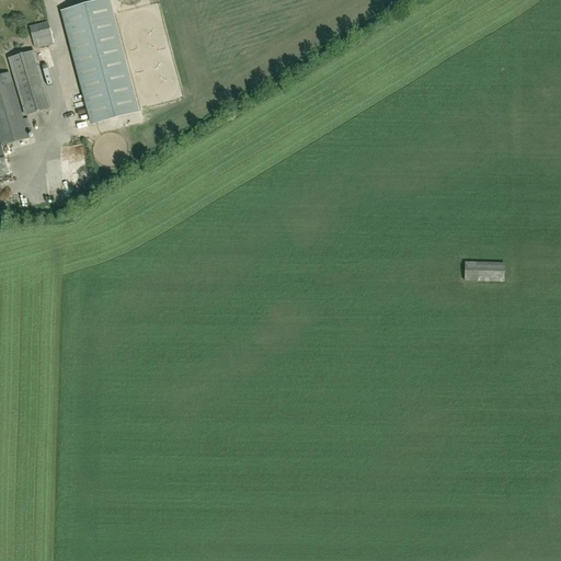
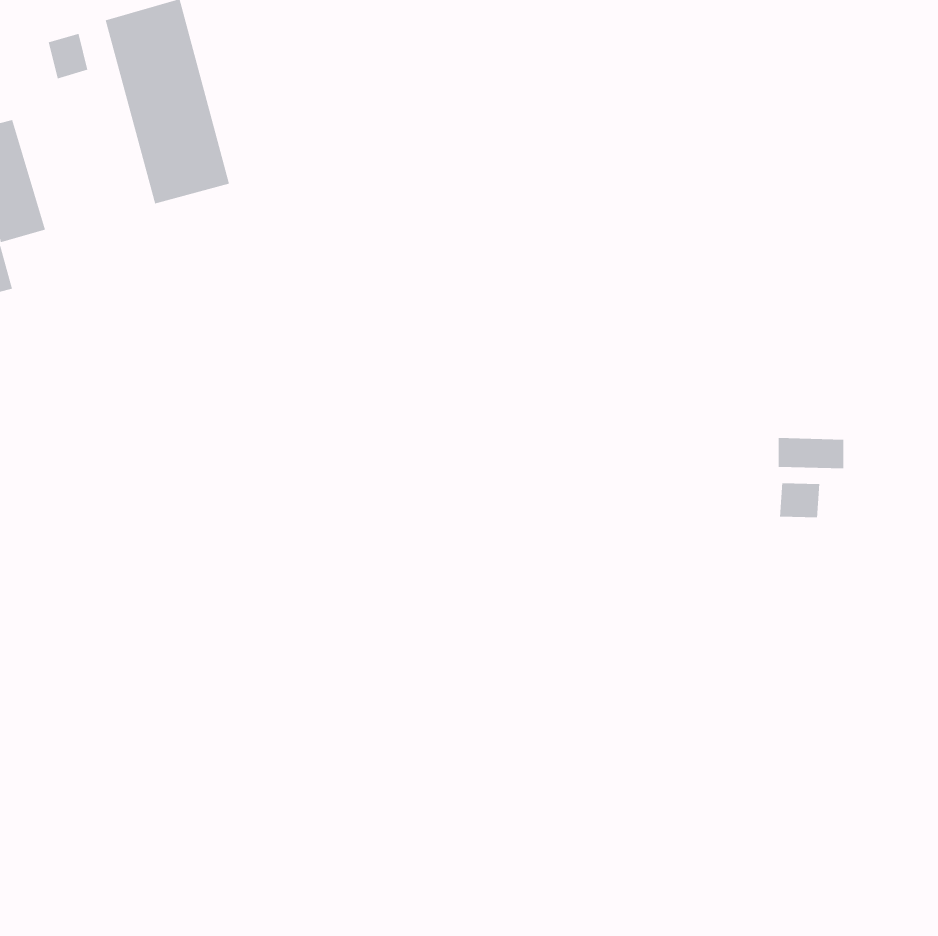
building: [8,49,49,114] -> none
building: none -> [780,483,820,518]

